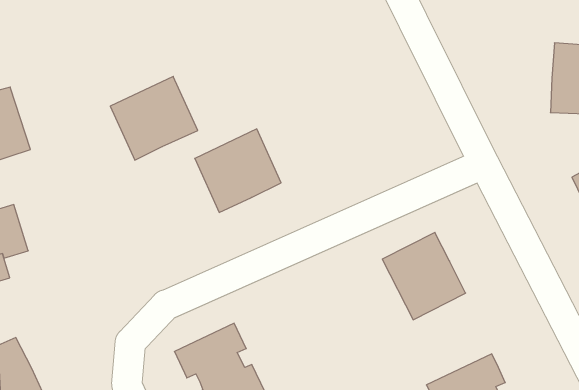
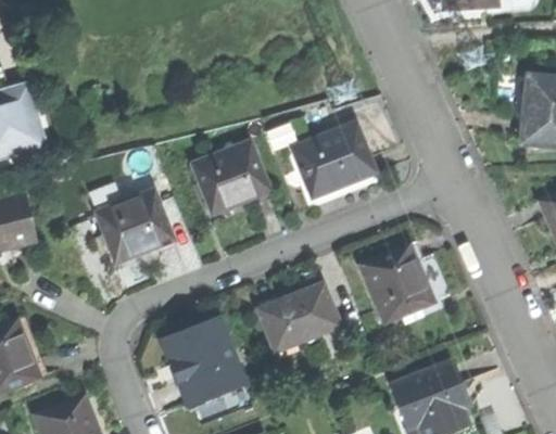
building: [110,76,198,160] -> [96,187,175,261]
building: none -> [291,123,376,199]
building: none -> [258,285,339,352]

